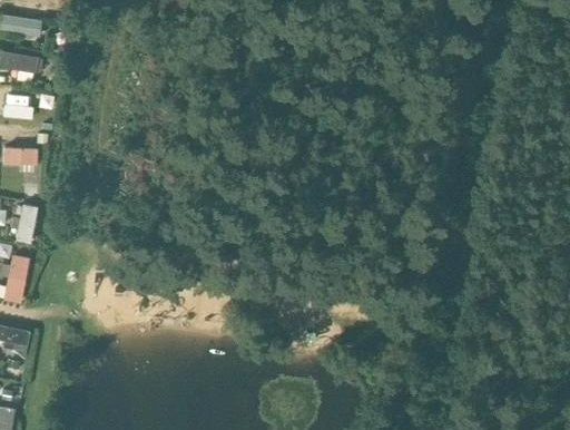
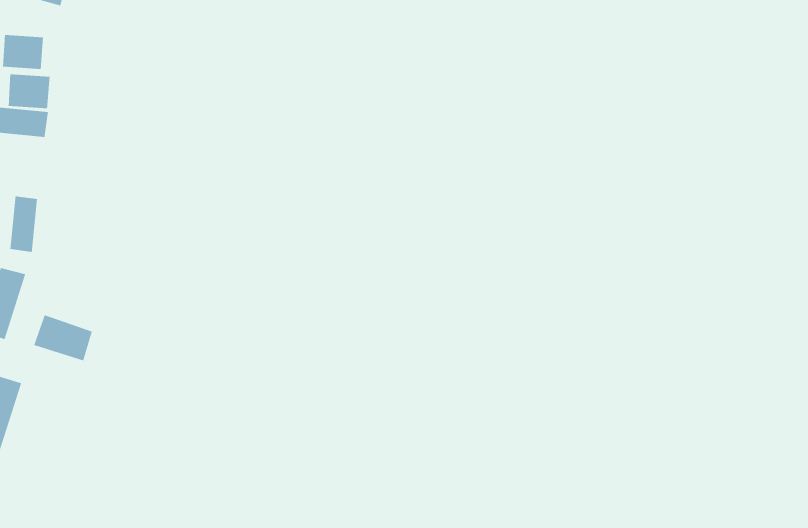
building: none -> [8,74,51,109]
building: none -> [33,314,93,361]

